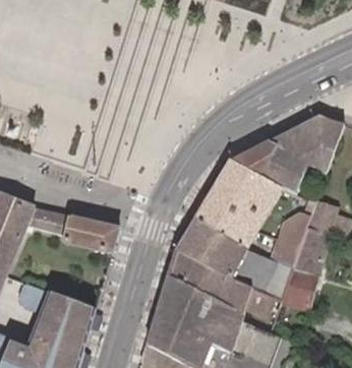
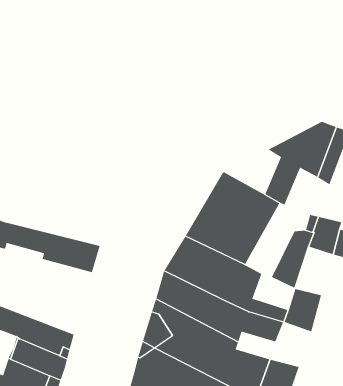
building: [229,140,280,181] -> none
building: [293,229,328,272] -> none

